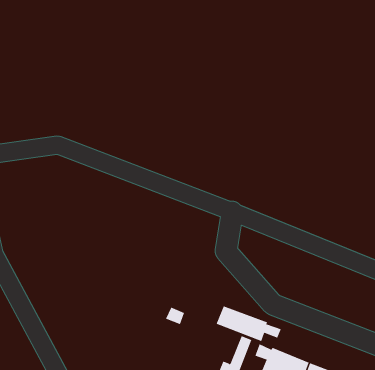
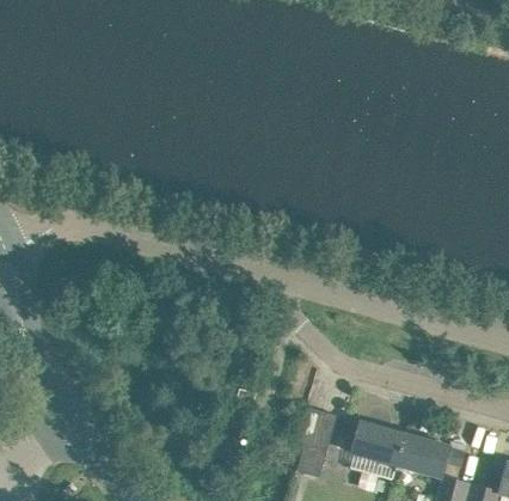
building: [216,306,282,342] -> none

